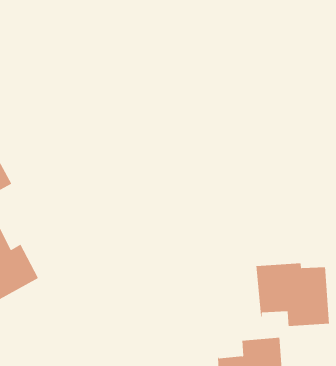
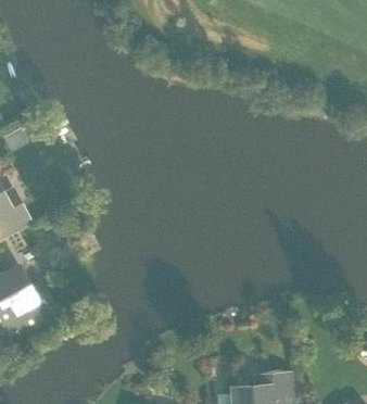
building: [256,262,330,327] -> none

